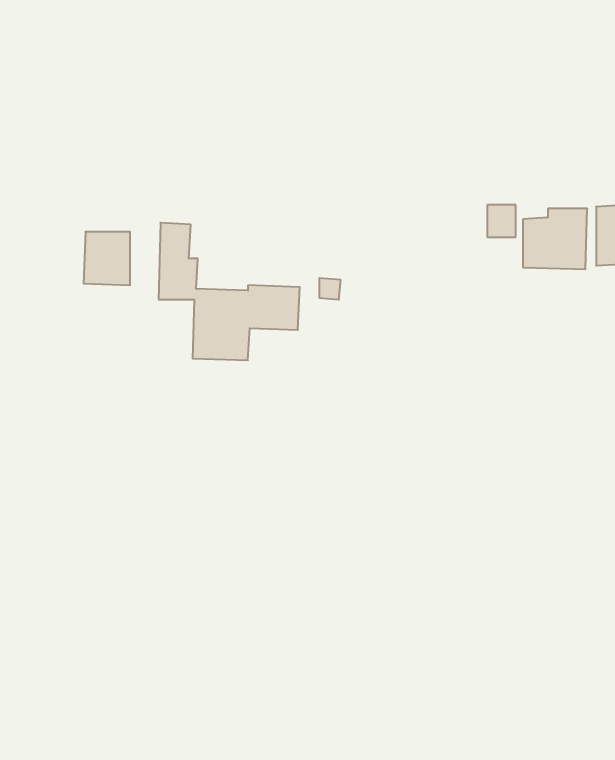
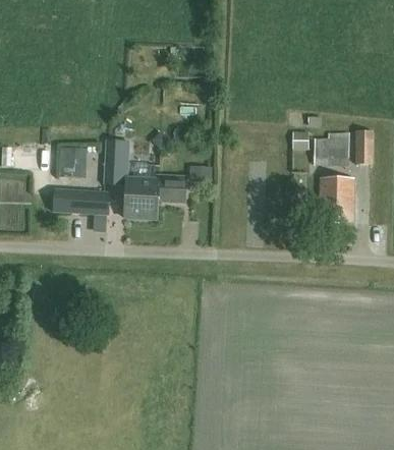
building: none -> [319,177,353,222]
building: none -> [54,188,110,214]

